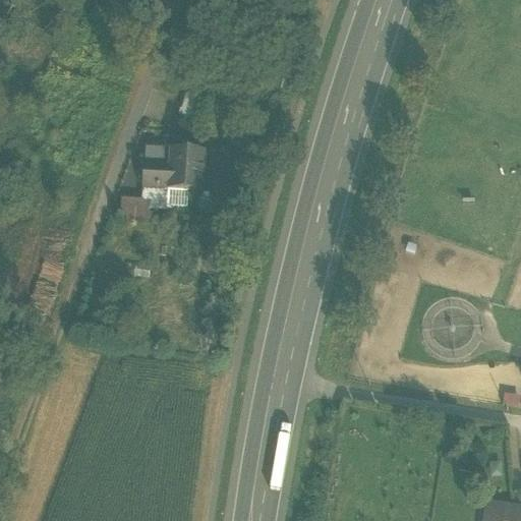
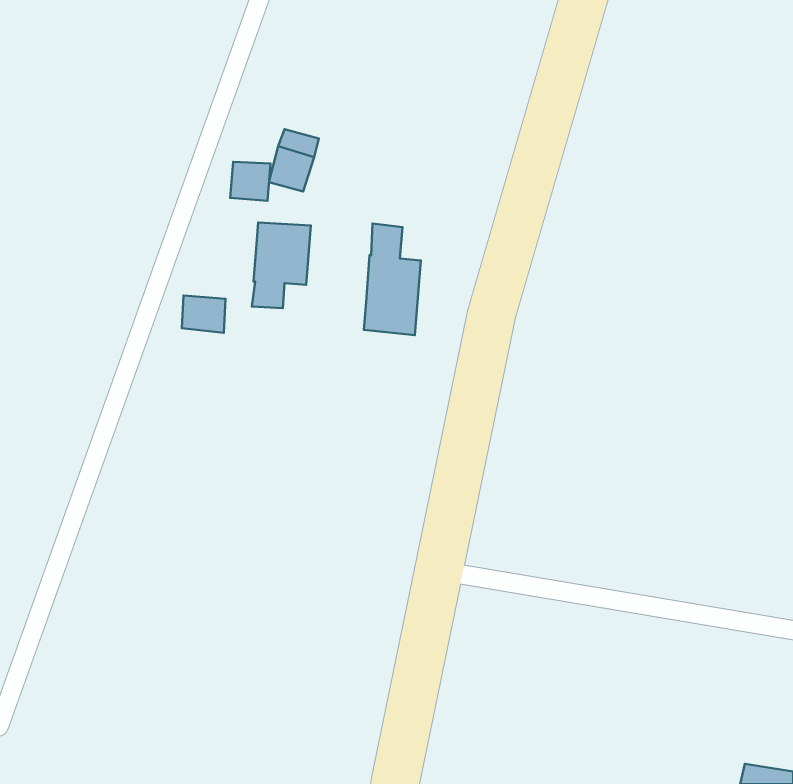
building: none -> [364,224,421,335]
building: [141,159,168,184] -> [230,162,271,201]

